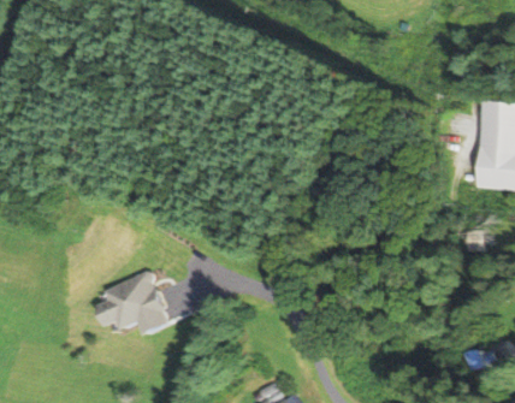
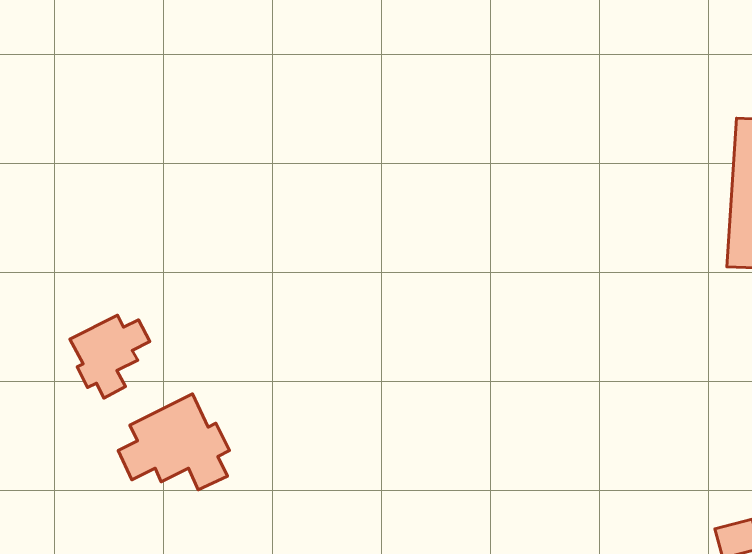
building: none -> [70,315,150,398]

